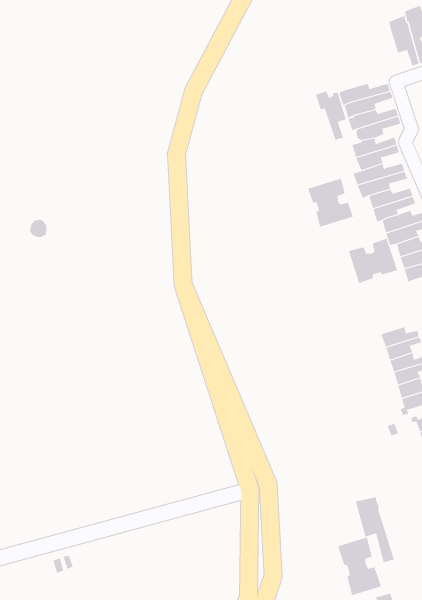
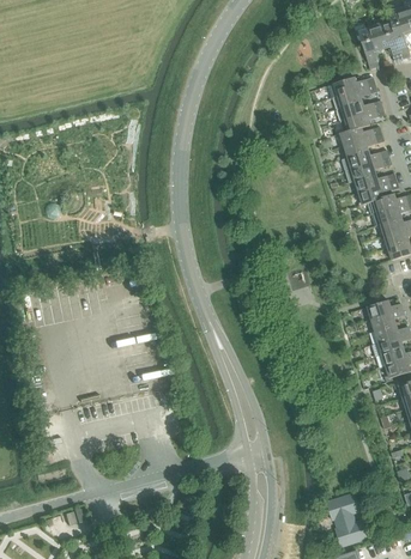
building: [315,91,346,140] -> [353,24,382,69]
building: [307,178,354,227] -> none
building: [348,238,398,284] -> none
building: [355,497,394,563] -> none

